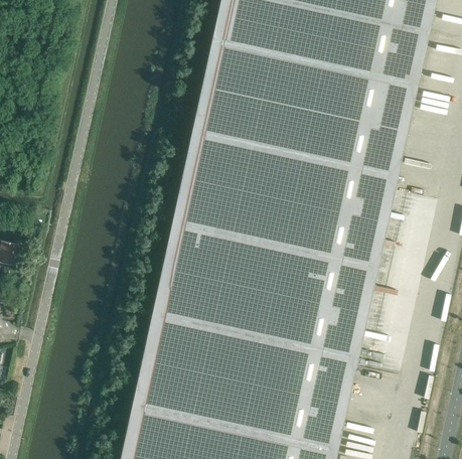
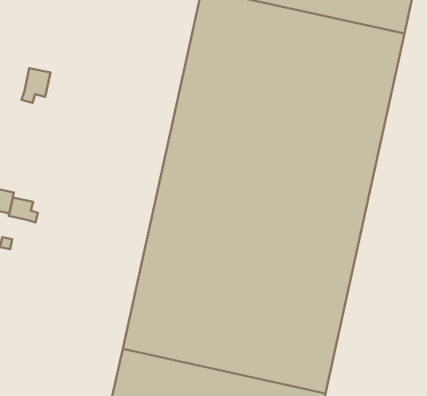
building: none -> [22,68,51,103]
building: none -> [9,197,38,222]

